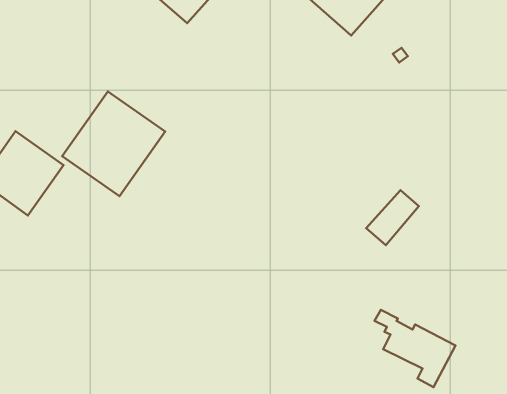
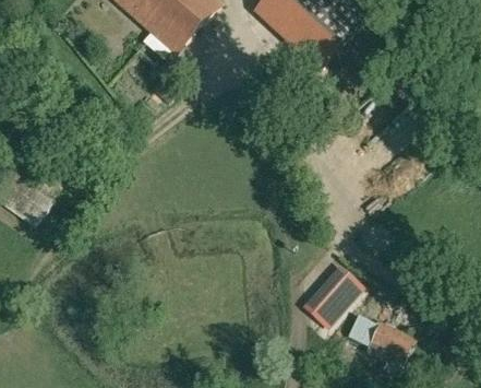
building: [62,91,165,196] -> none
building: [366,190,419,245] -> [304,267,351,316]

